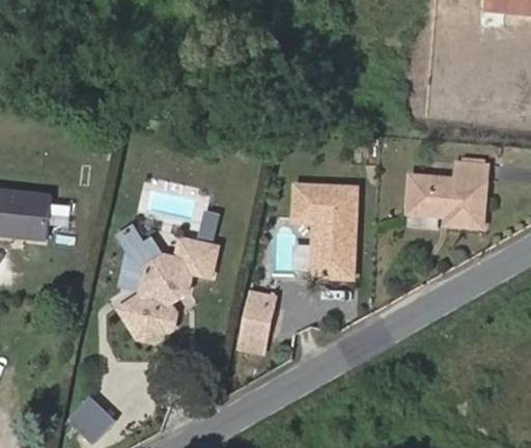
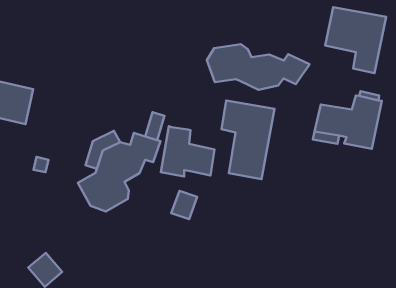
building: none -> [325,7,386,73]
building: none -> [207,44,310,90]
building: none -> [161,126,215,177]

